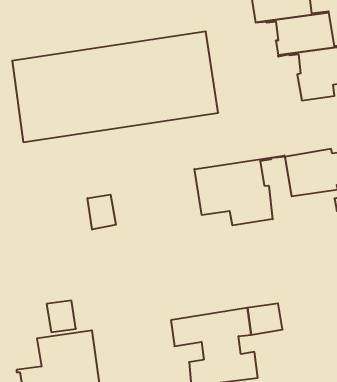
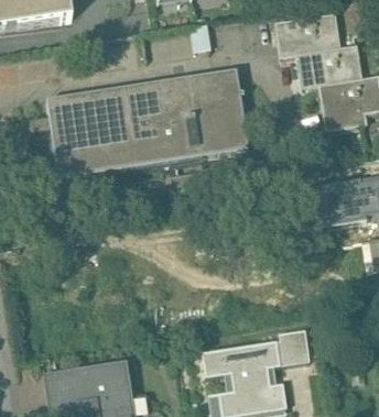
building: [194,155,285,225] -> none
building: [88,195,116,230] -> none
building: [47,301,76,332] -> [46,367,75,398]

